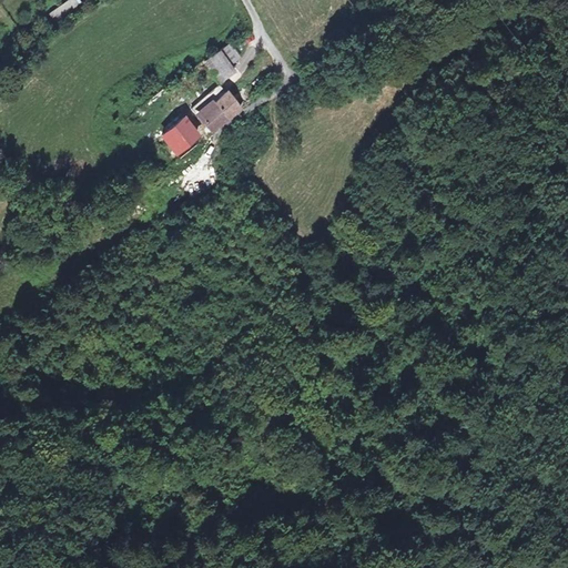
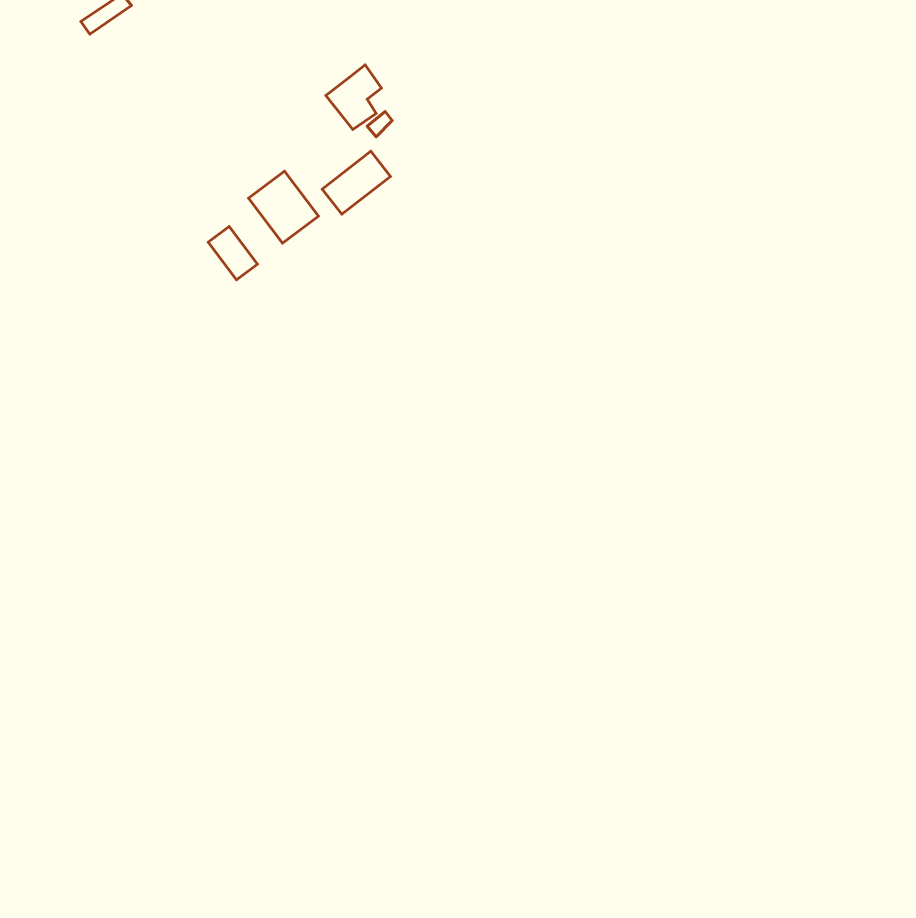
building: none -> [208,226,258,280]

